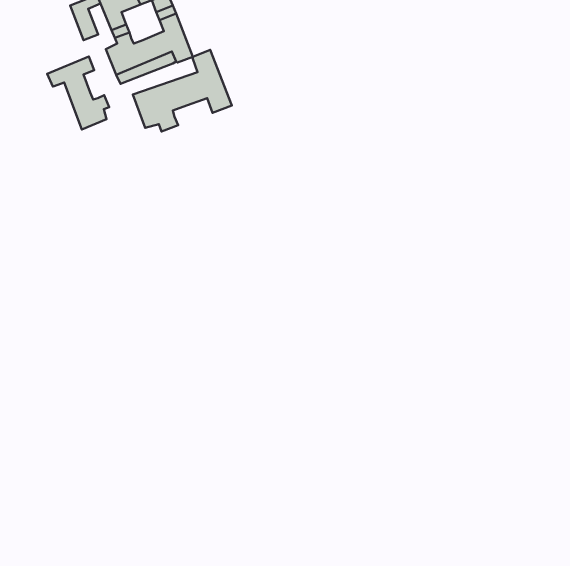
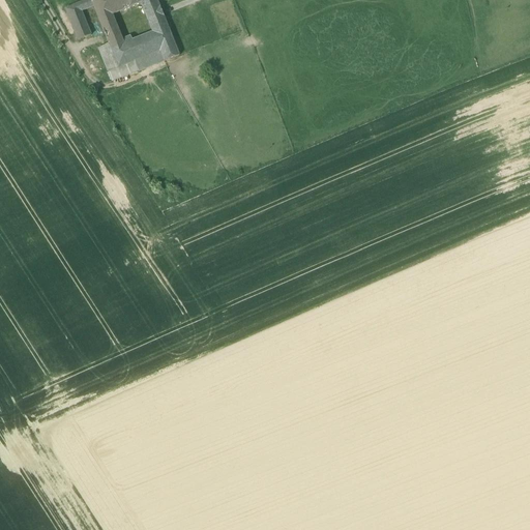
building: [133,50,232,131] -> none
building: [47,56,109,129] -> none

